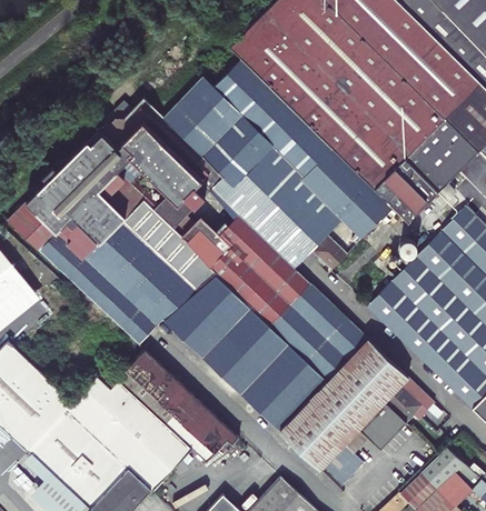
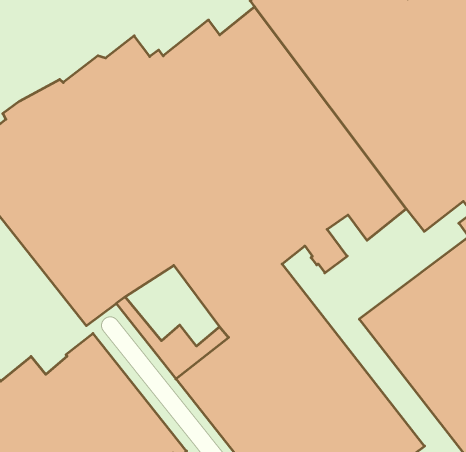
building: [167,283,249,348] -> none

